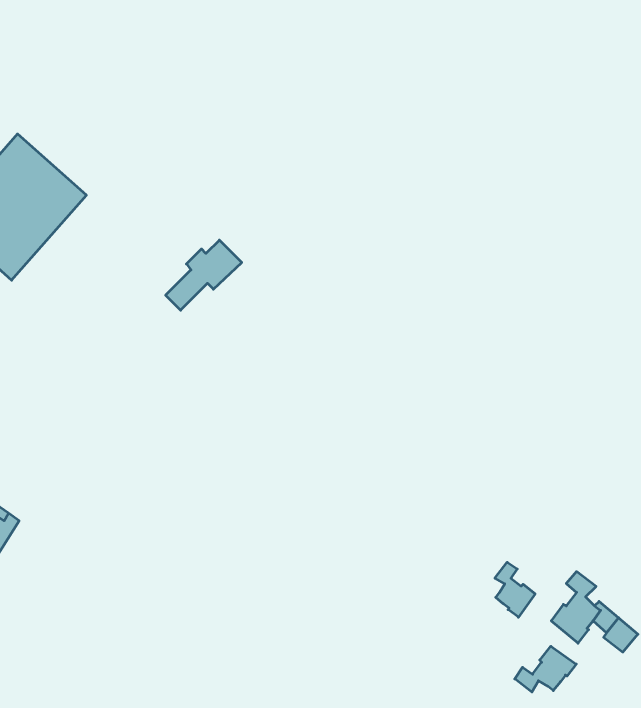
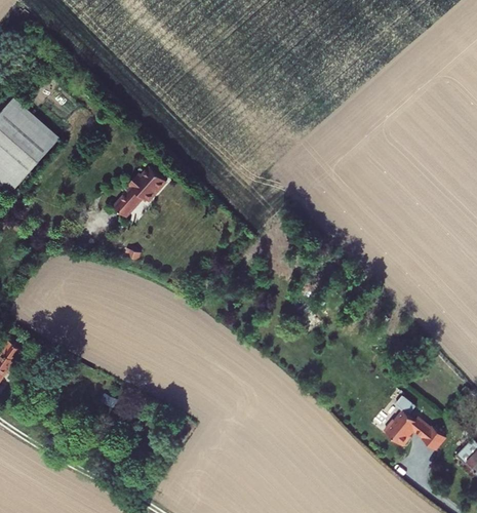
building: [495,562,535,617] -> none
building: [515,646,576,692] -> none

